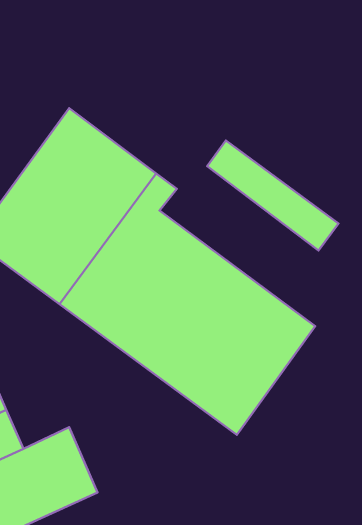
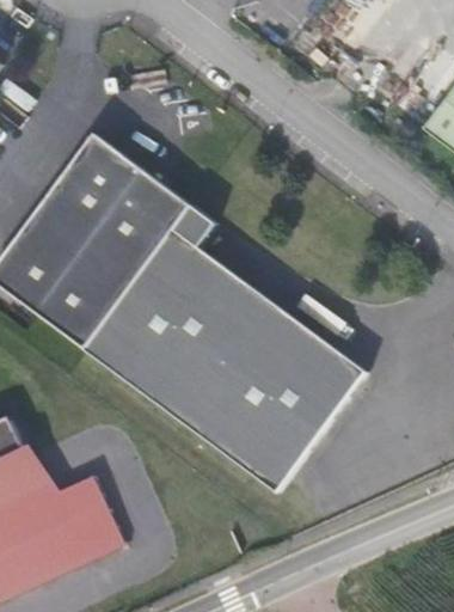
building: [207,140,338,251] -> none

